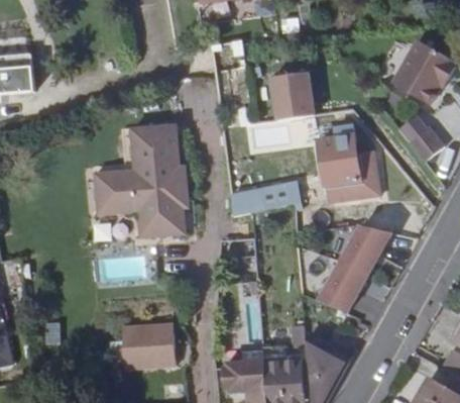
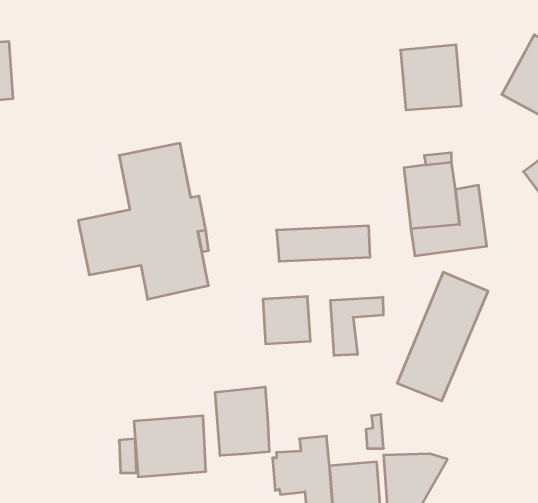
building: [266,70,312,118] -> [400,45,461,110]
building: none -> [331,297,383,356]
building: none -> [215,387,269,456]

